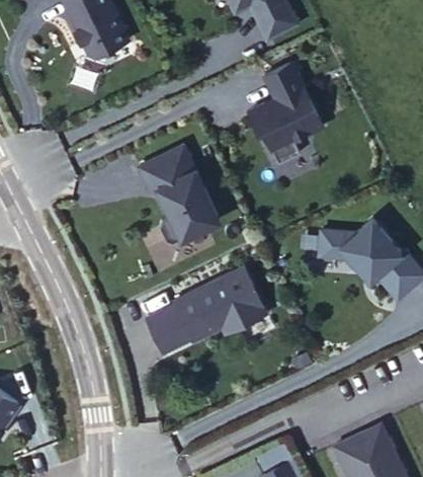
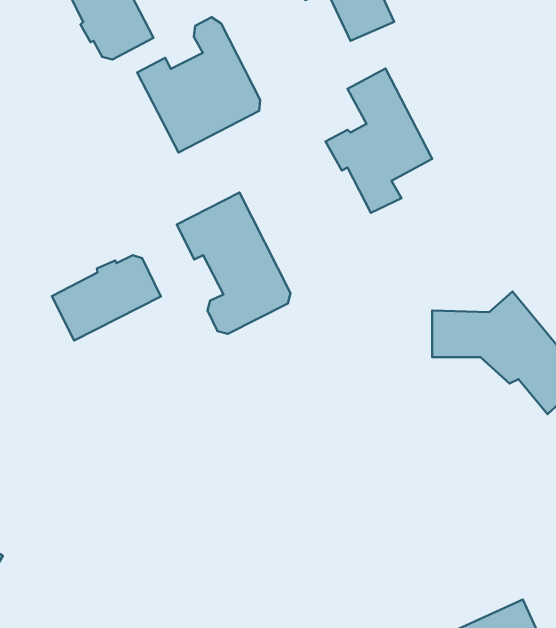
building: none -> [137,17,260,153]
building: none -> [52,255,161,340]
building: [147,267,266,354] -> none

